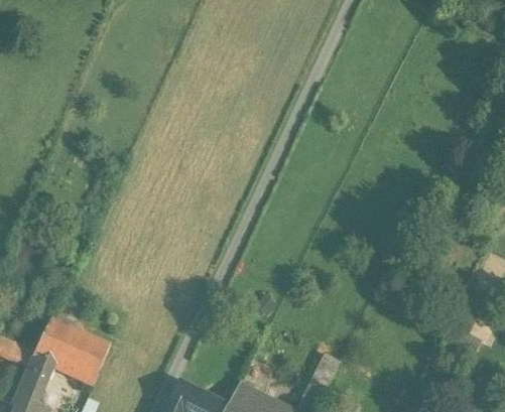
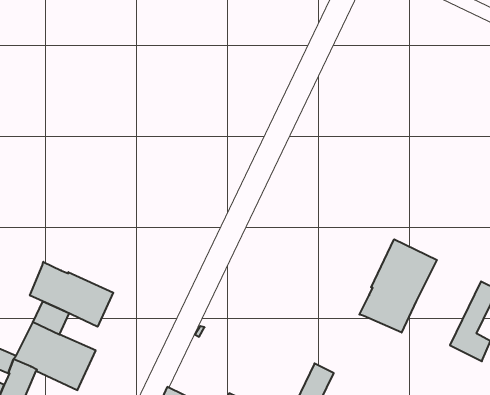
building: none -> [359,239,437,333]
building: none -> [30,262,113,327]

